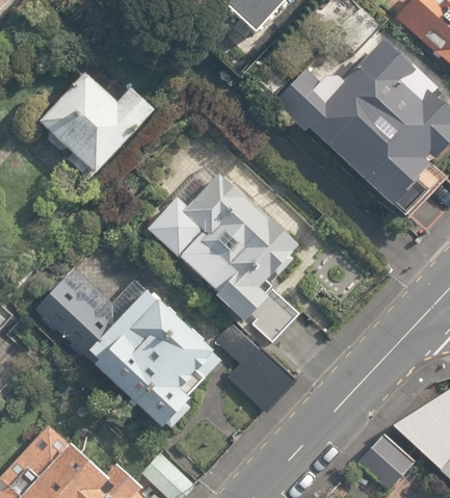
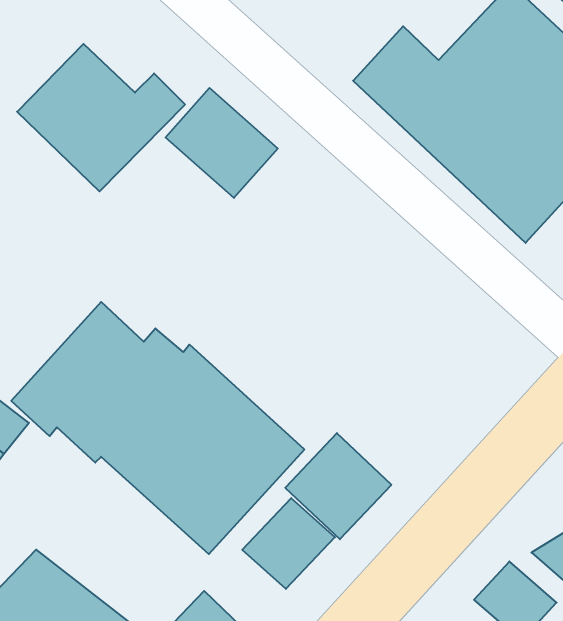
building: none -> [166,88,278,198]
building: [147,174,303,344] -> none
building: none -> [242,498,335,589]

